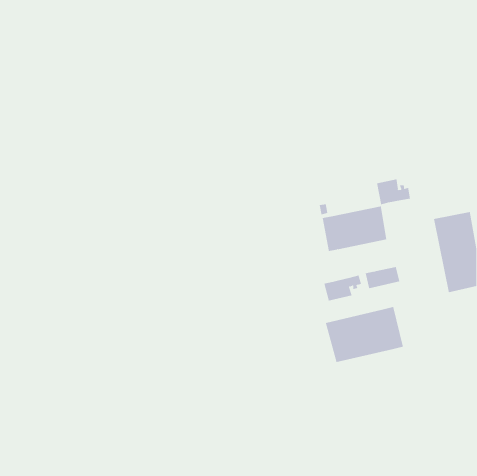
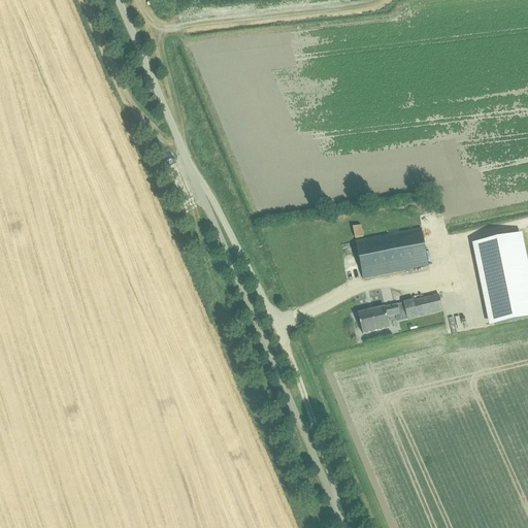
building: [377,179,410,205] -> none
building: [325,306,403,363] -> none

